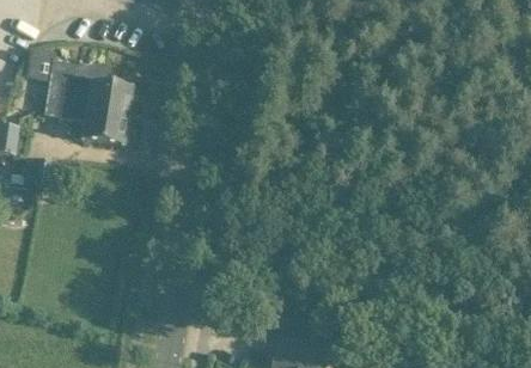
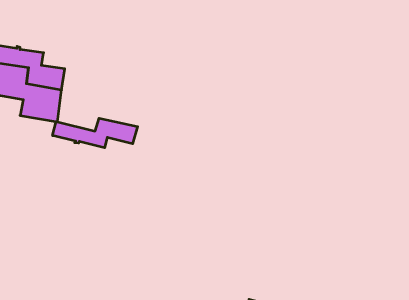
building: none -> [53,118,138,148]

